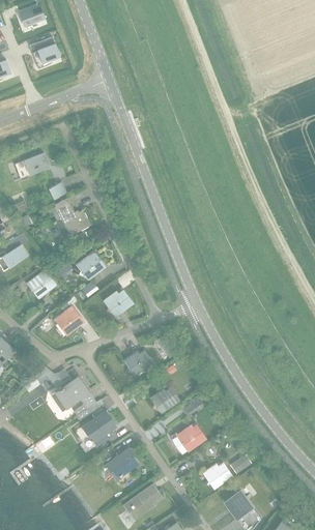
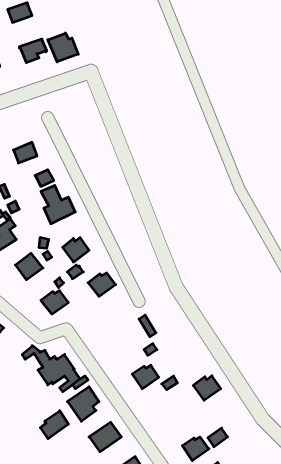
building: none -> [48,33,78,62]
building: [124,349,152,375] -> none
building: [176,424,205,450] -> [193,376,221,400]
building: none -> [40,411,68,439]

